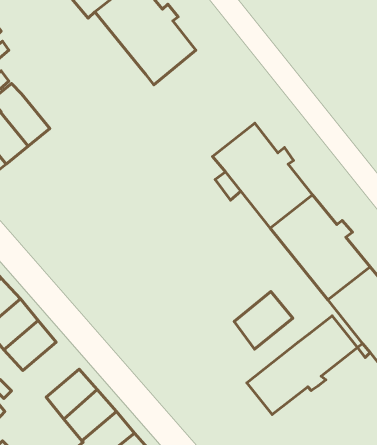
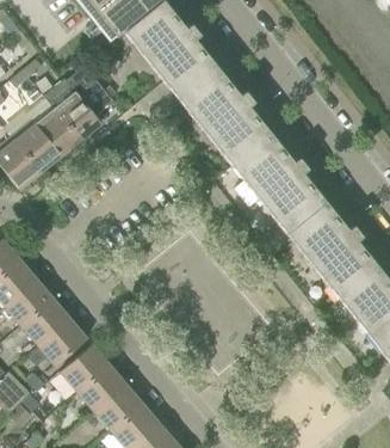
building: none -> [178,67,272,166]
building: none -> [55,78,113,140]
building: [234,292,293,349] -> none
building: [247,316,357,414] -> none
building: none -> [61,344,109,391]

